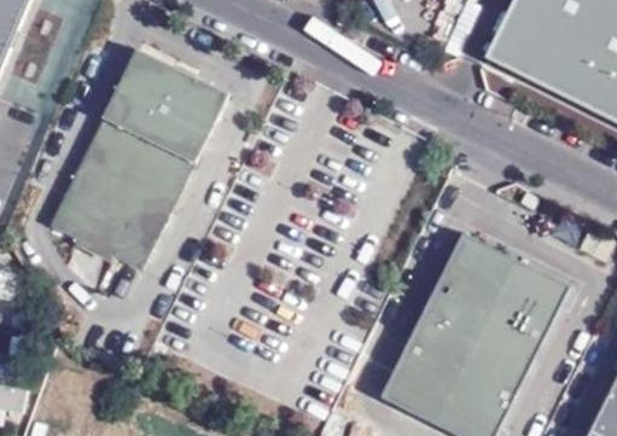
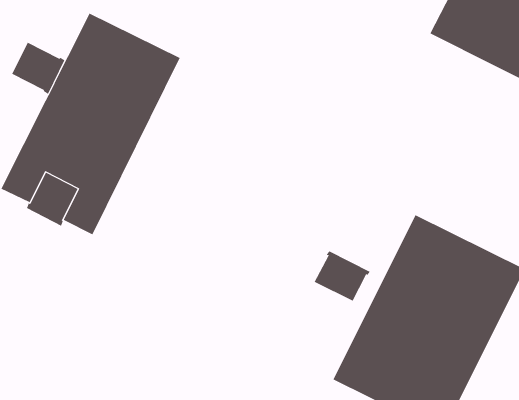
building: none -> [12,42,65,95]
building: none -> [314,251,371,301]

